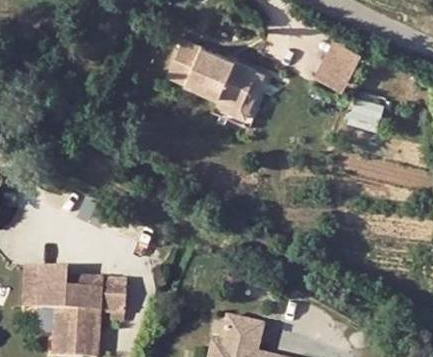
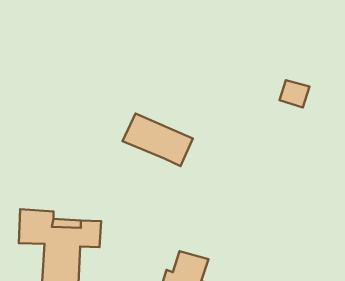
building: [310,48,357,100] -> none
building: [168,49,255,114] -> [122,114,193,166]

